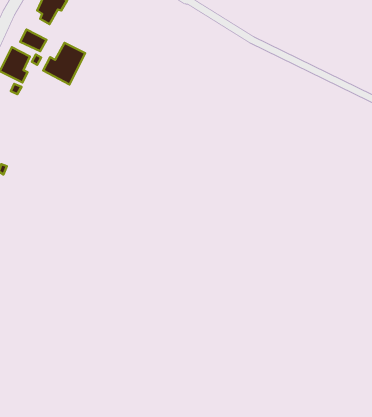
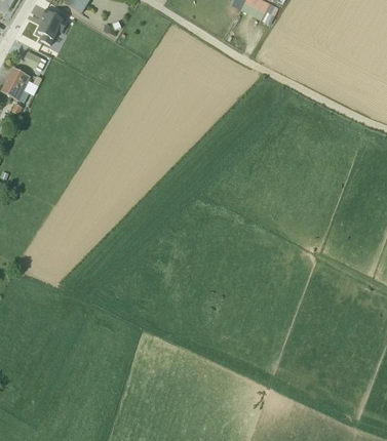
building: [43,43,85,84] -> none

